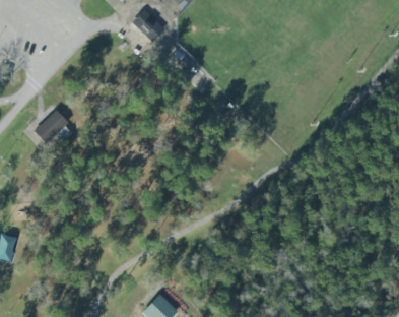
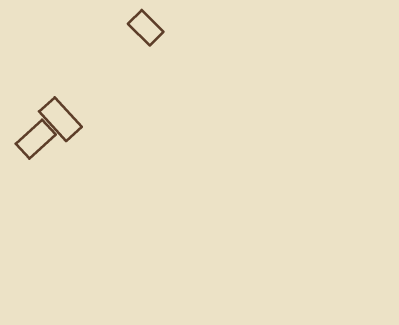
building: none -> [39,97,82,141]

